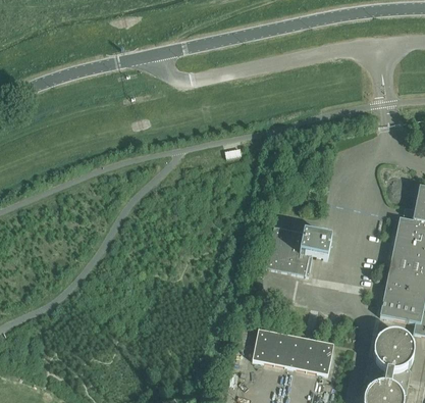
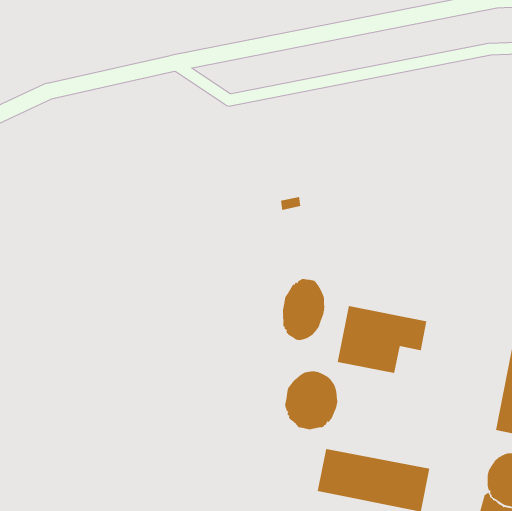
building: none -> [282,278,325,341]
building: none -> [285,370,338,430]

